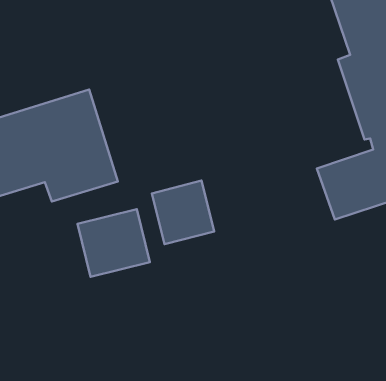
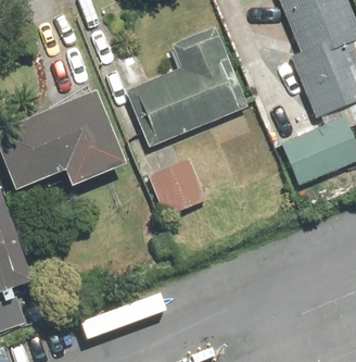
building: none -> [128,25,250,146]
building: [78,209,150,277] -> none

